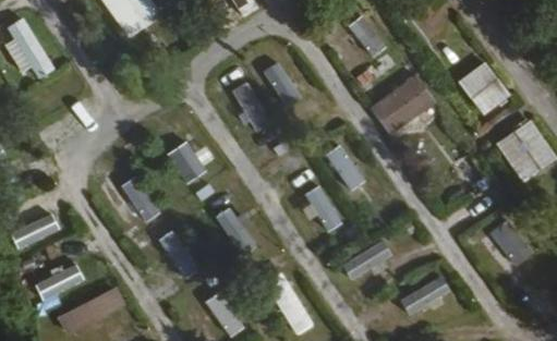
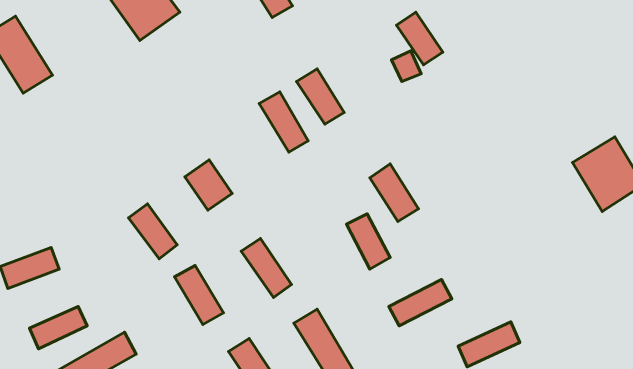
building: [458,60,513,118] -> none
building: [368,72,437,136] -> none
building: [488,217,535,266] -> none

